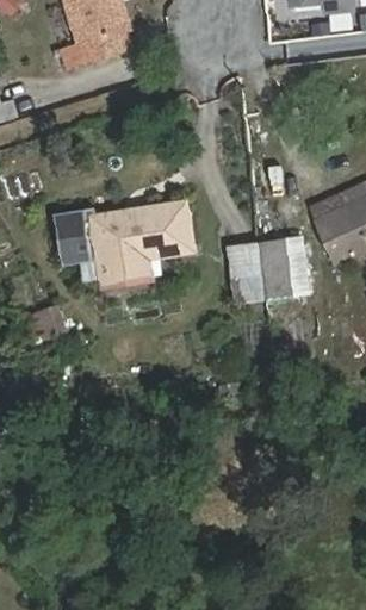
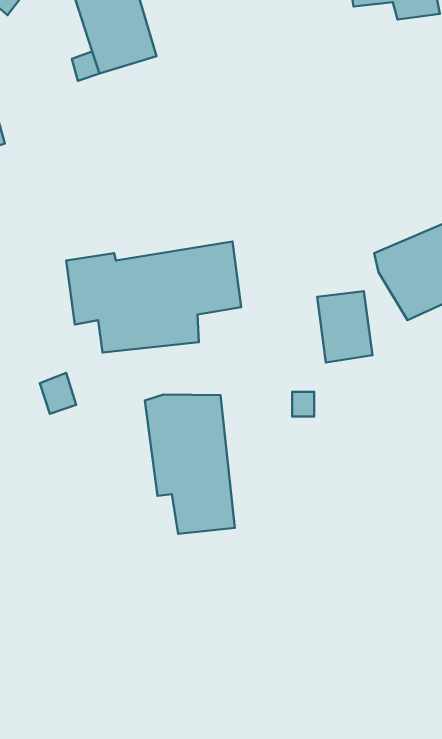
building: [228,243,267,300] -> none
building: none -> [145,395,235,534]

